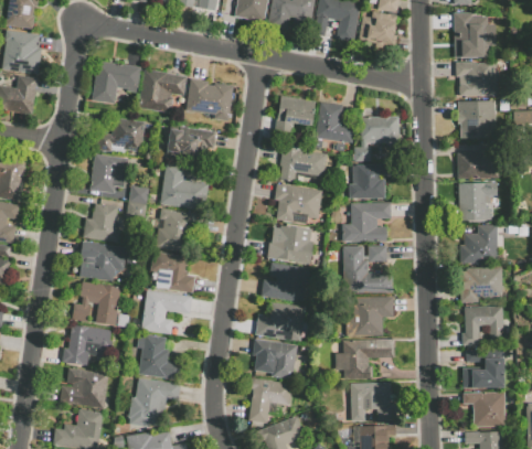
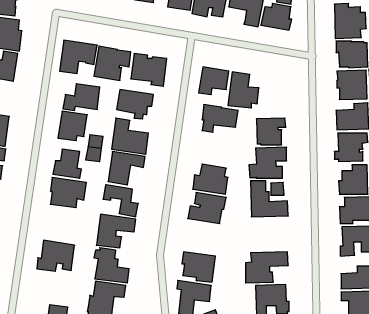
building: [354,115,398,161] -> none
building: [273,184,322,225] -> none
building: [71,281,129,328] -> none
building: [345,296,393,336] -> none
building: [254,302,305,342] -> none
building: [58,366,109,408] -> none

